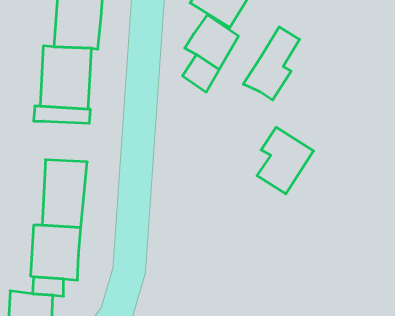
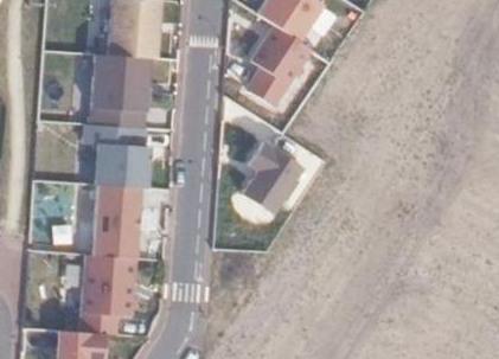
building: [243,27,300,100] -> none
building: none -> [92,141,148,186]
building: [257,127,314,194] -> [243,142,306,216]

